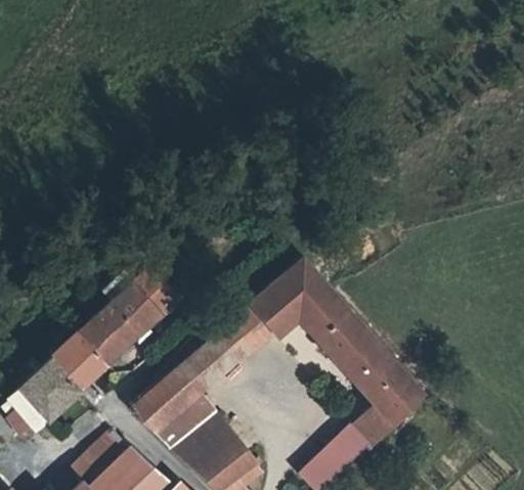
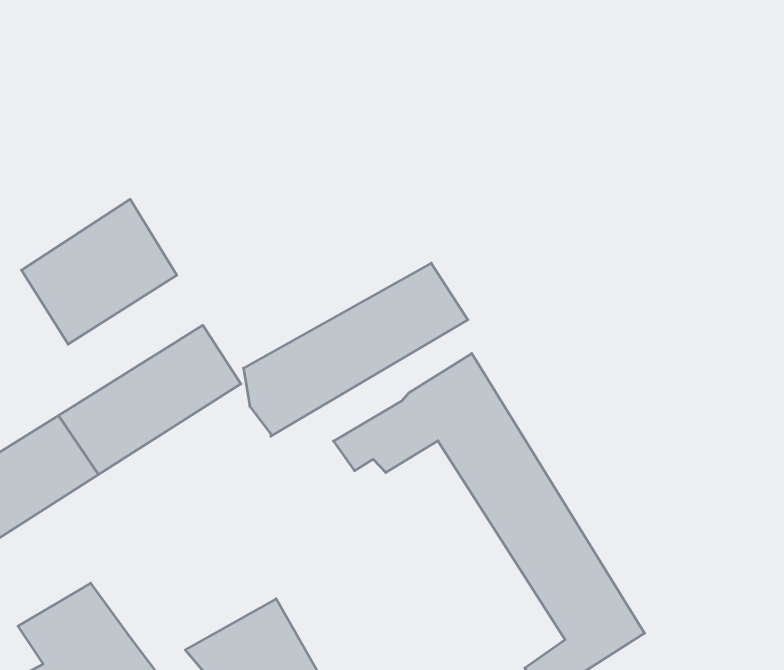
building: none -> [21,199,177,344]
building: [135,326,254,437] -> [243,263,468,436]

